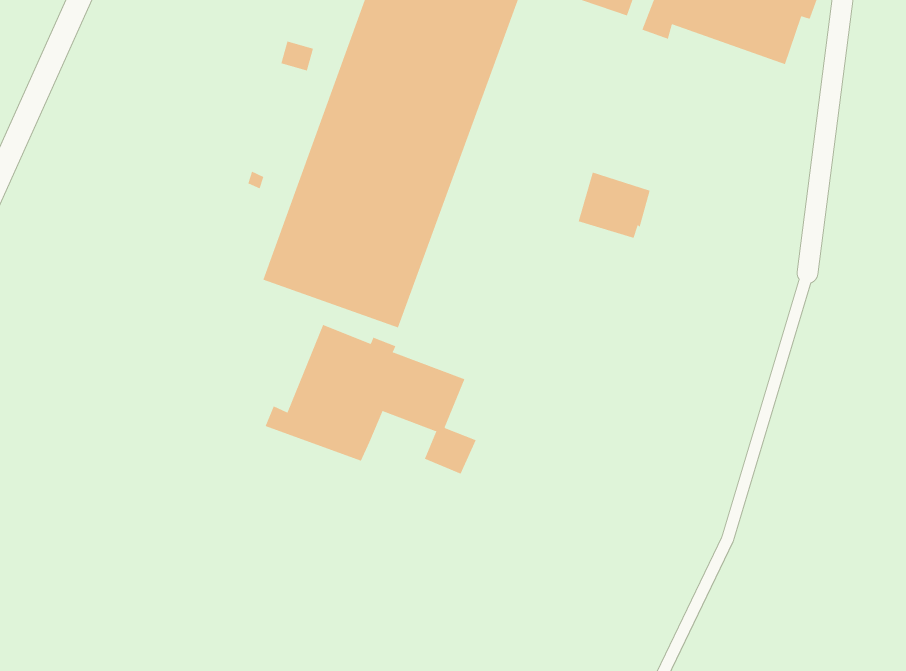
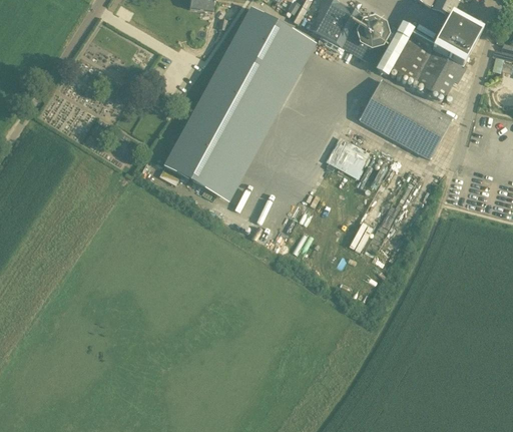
building: none -> [361,79,453,157]
building: [265,324,476,474] -> none

